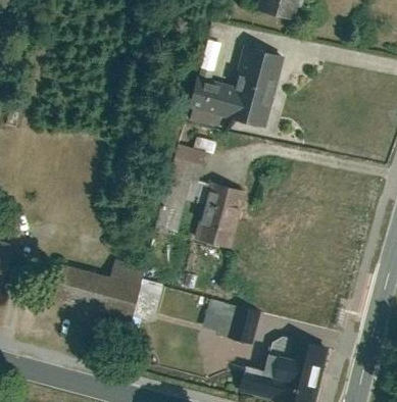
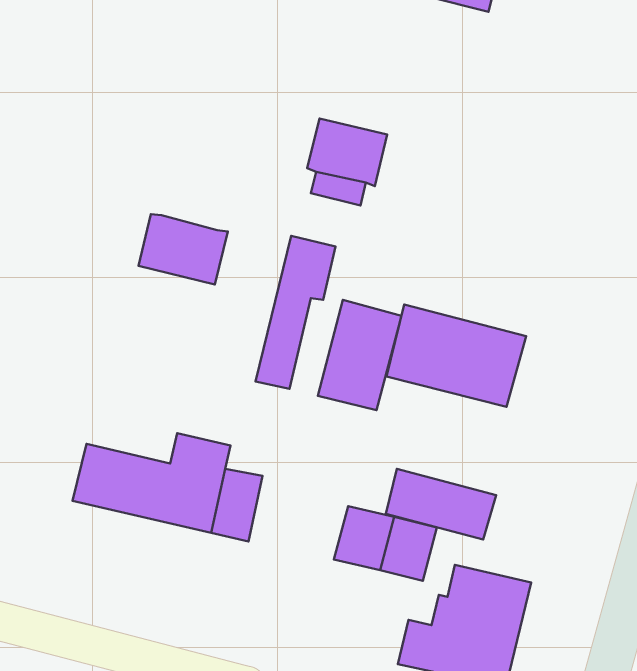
building: [228,47,282,125] -> none
building: none -> [139,214,228,285]
building: none -> [386,305,526,407]
building: none -> [386,469,496,540]

